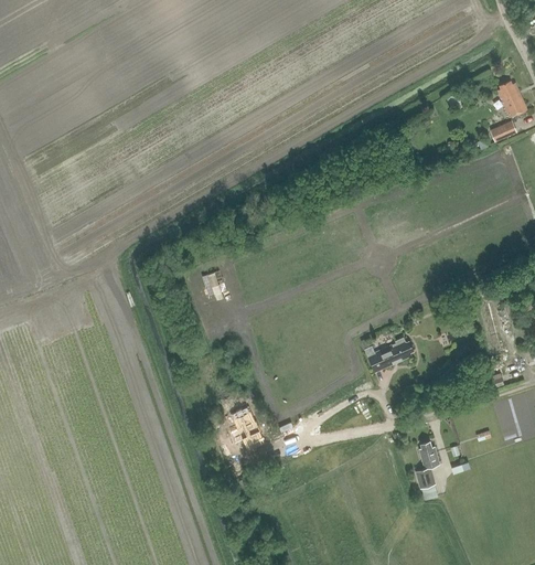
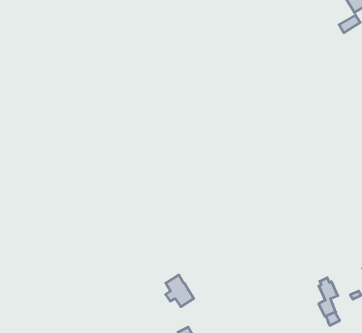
building: [365,338,414,372] -> none

